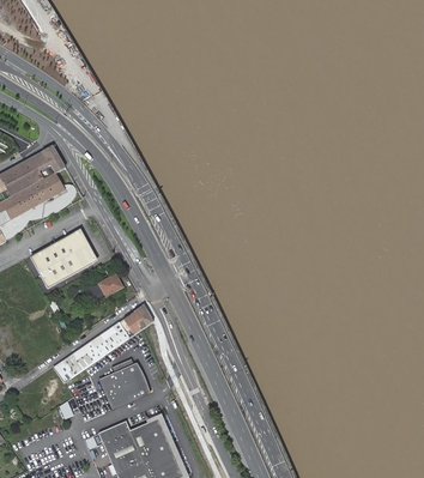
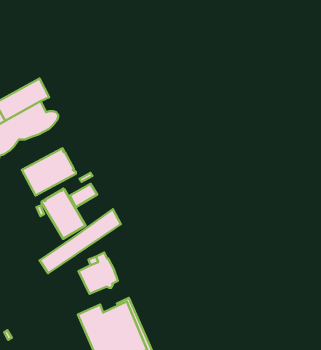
building: none -> [41,189,86,239]

